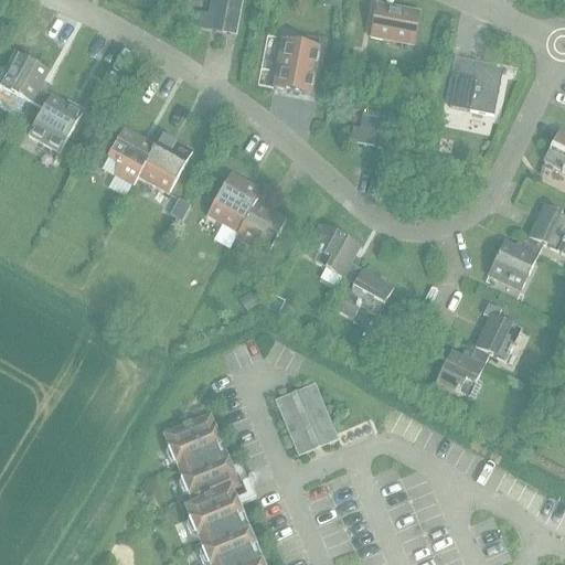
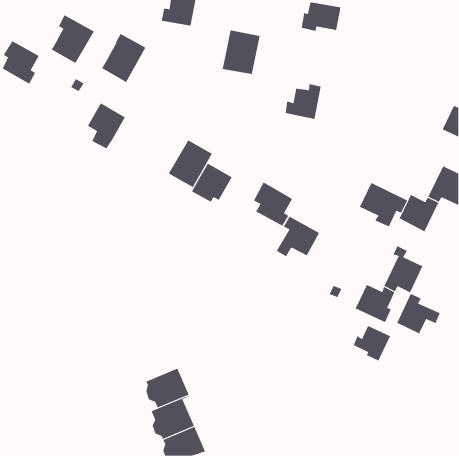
building: [449,60,501,113] -> none
building: [28,89,82,150] -> [51,14,95,64]
building: [137,131,192,192] -> [101,33,146,83]
building: none -> [359,182,408,227]
building: none -> [396,293,441,334]
building: [275,381,338,454] -> none
building: none -> [353,325,391,361]
building: [164,416,218,468] -> none

